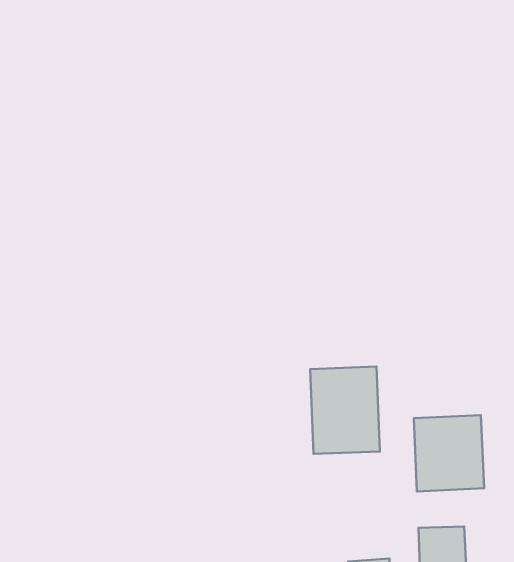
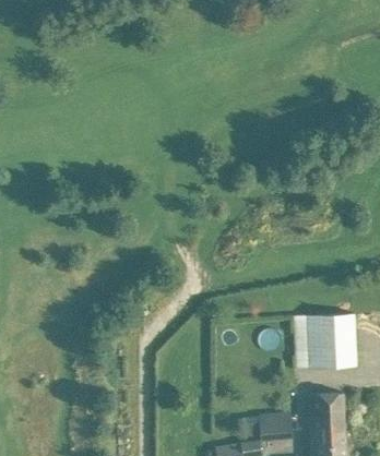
building: [310,367,380,454] -> none

